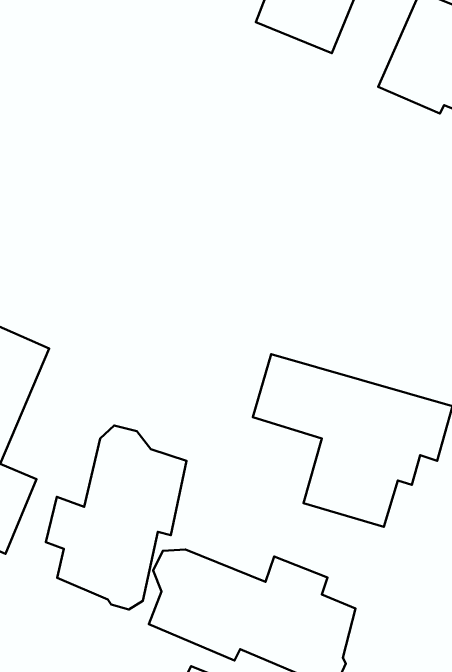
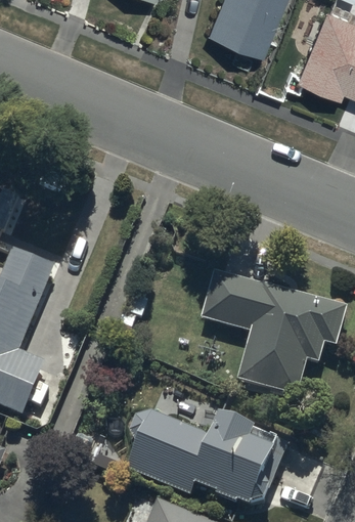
building: [46,426,187,610] -> none

